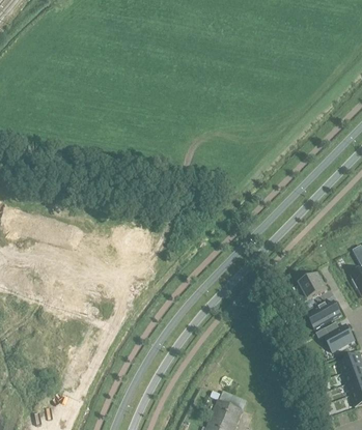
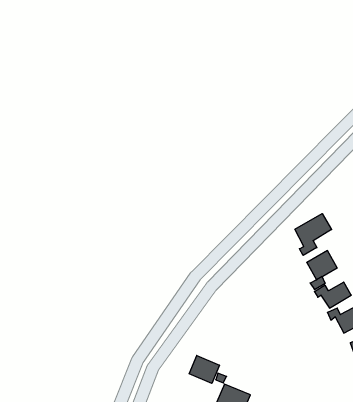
building: none -> [295,214,332,255]
building: none -> [189,355,219,383]

